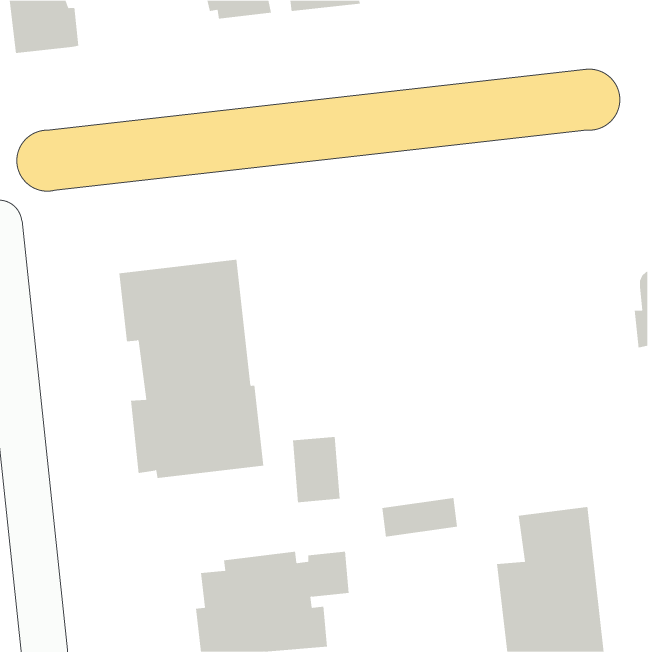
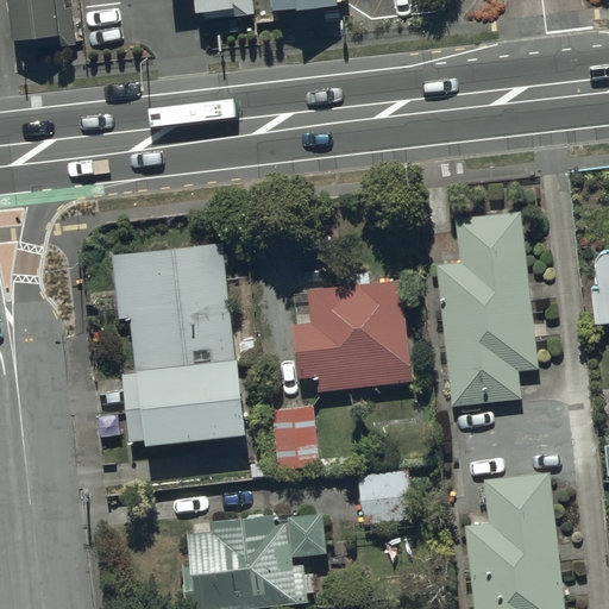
building: none -> [434,212,538,407]
building: none -> [291,280,412,393]

